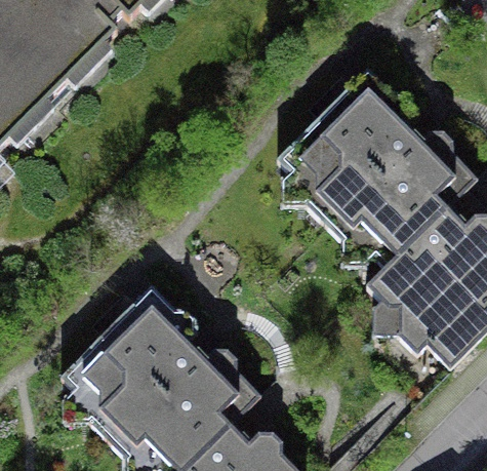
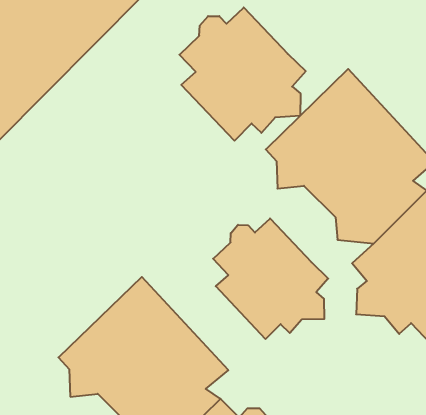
building: none -> [179,7,306,141]
building: none -> [213,218,328,339]

